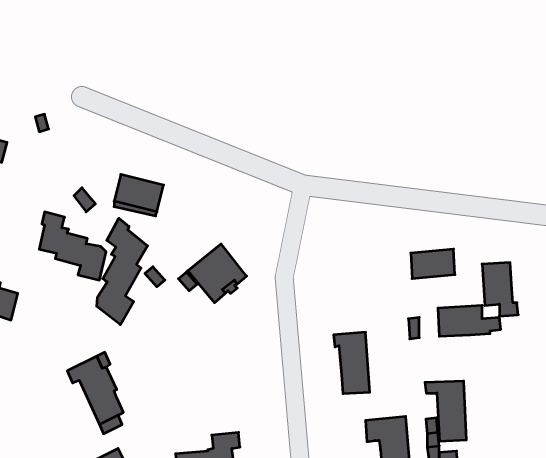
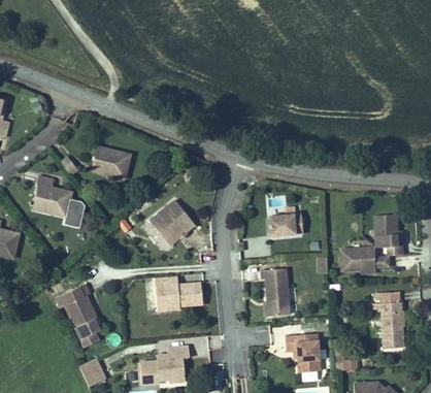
building: [97,218,148,325] -> none
building: [411,249,455,279] -> [268,214,302,236]
building: none -> [154,275,202,310]
building: [425,381,466,441] -> [371,302,403,349]

